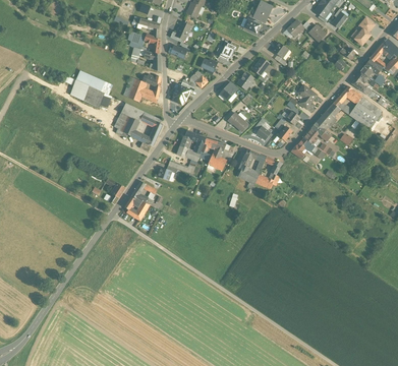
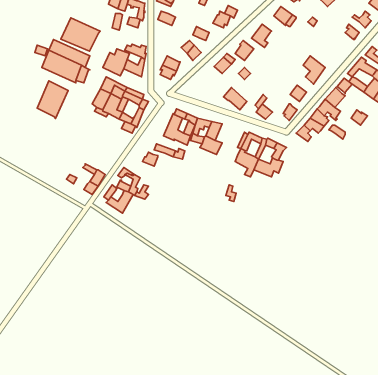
building: none -> [61,18,100,51]
building: none -> [37,81,68,118]

